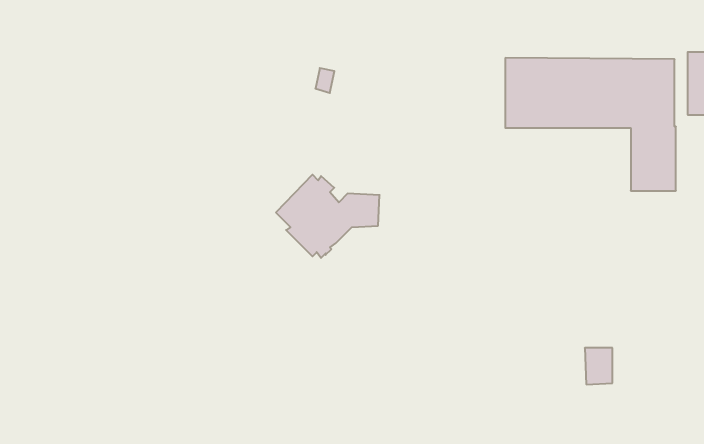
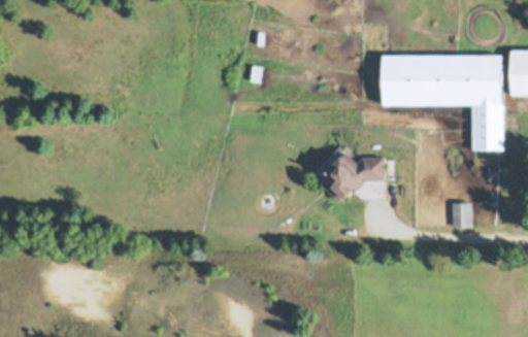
building: [276,175,380,258] -> [312,144,386,203]
building: [585,348,612,384] -> [452,201,471,227]

